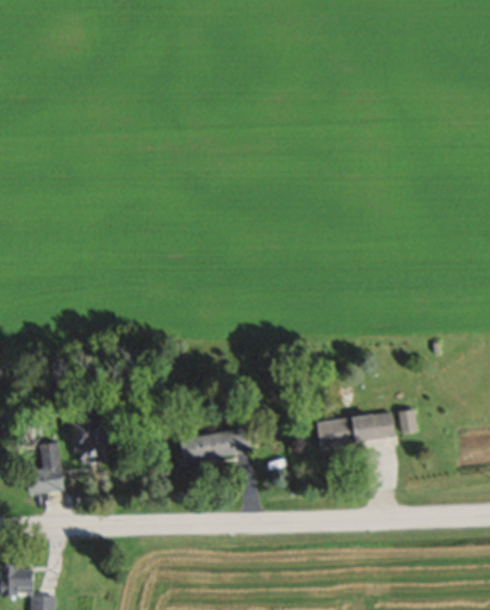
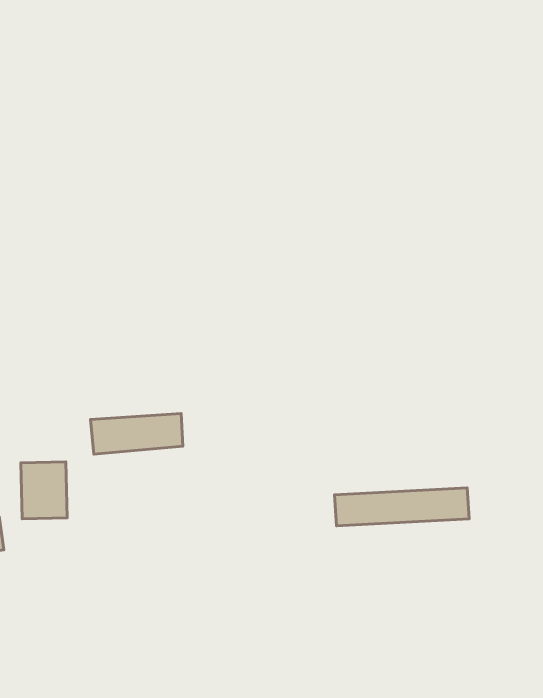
building: [180,427,253,463] -> [91,414,183,454]

